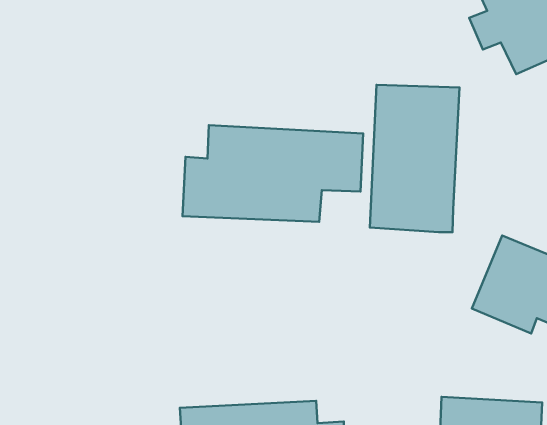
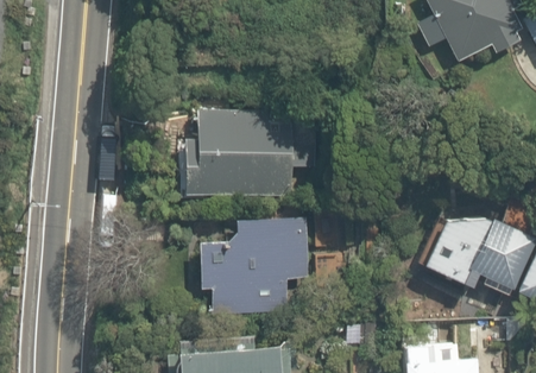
building: [370,85,459,232] -> none
building: none -> [197,214,311,312]

